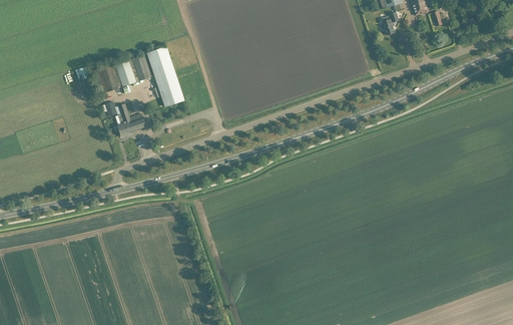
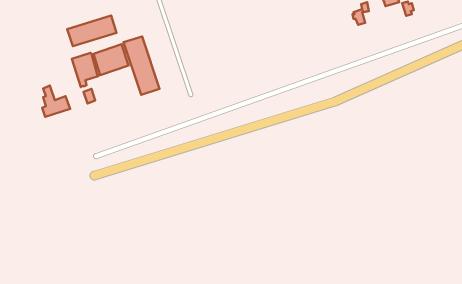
building: none -> [67,16,117,46]
building: [117,102,146,134] -> [42,86,70,117]

